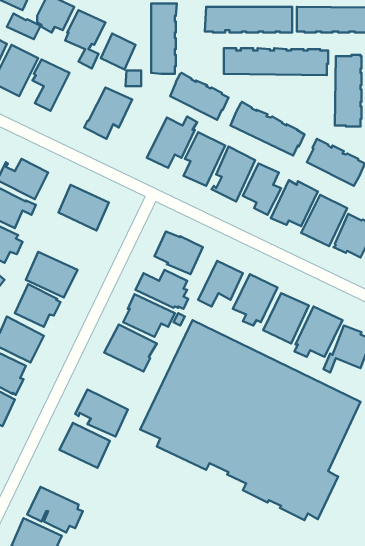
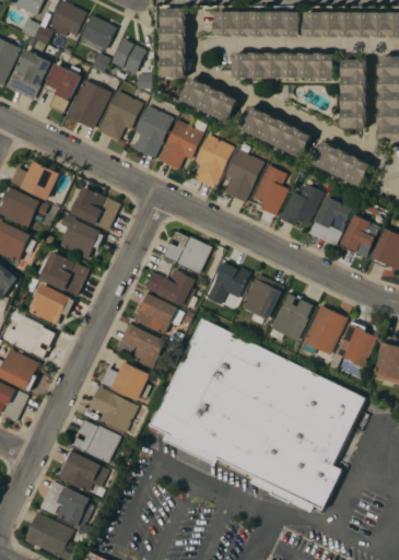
building: none -> [66,80,109,129]
building: none -> [129,105,173,159]
building: none -> [58,218,103,259]
building: none -> [101,362,151,400]
building: none -> [58,452,108,492]

